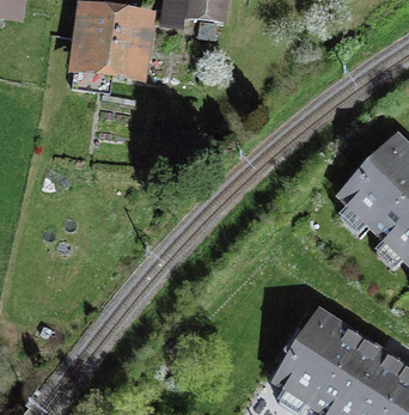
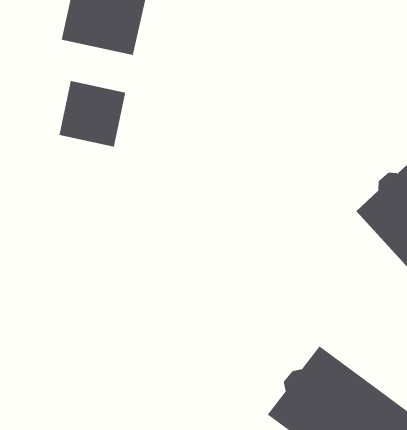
building: none -> [59,80,126,147]

